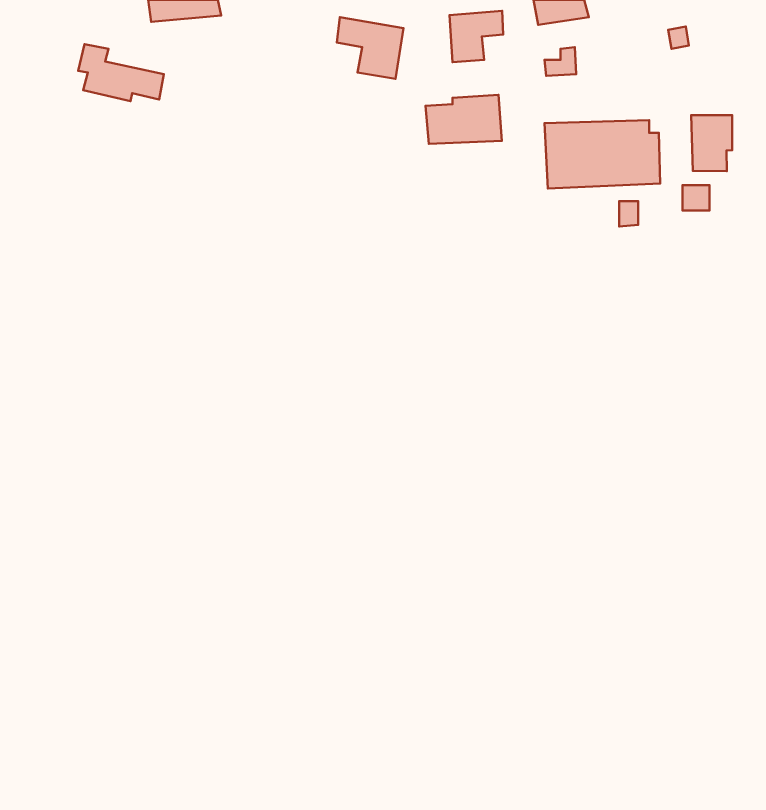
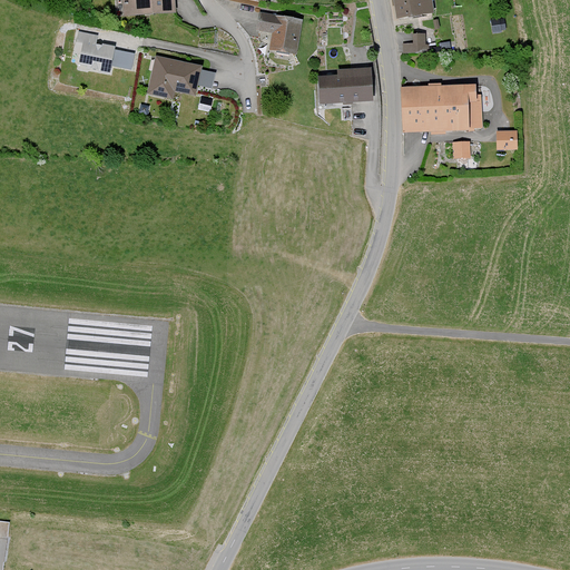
building: [450,11,503,62] -> none
building: none -> [147,56,217,99]
building: [691,115,732,171] -> none

